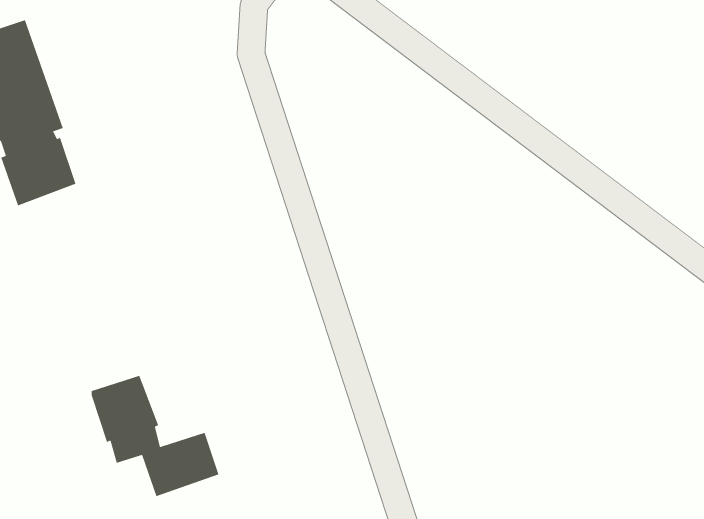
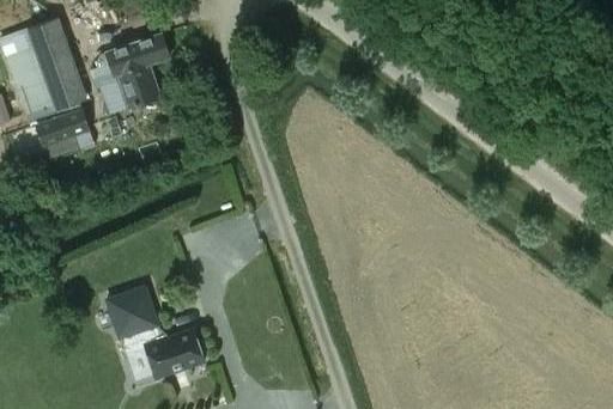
building: none -> [97,33,168,112]

